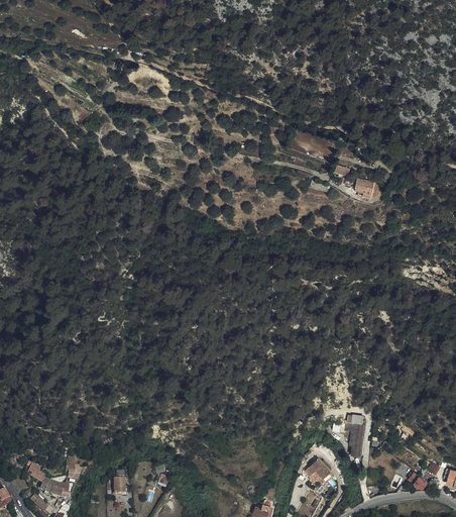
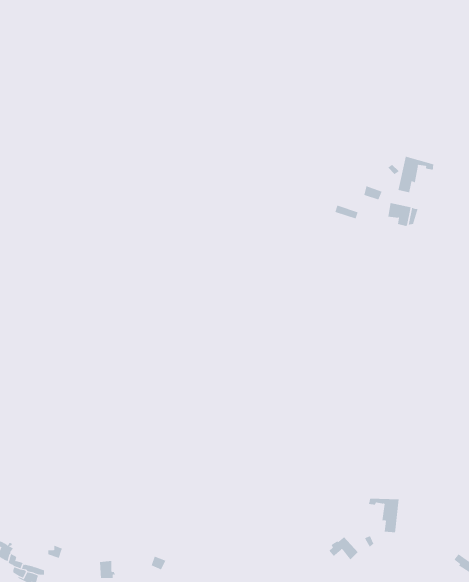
building: none -> [398,156,434,193]

